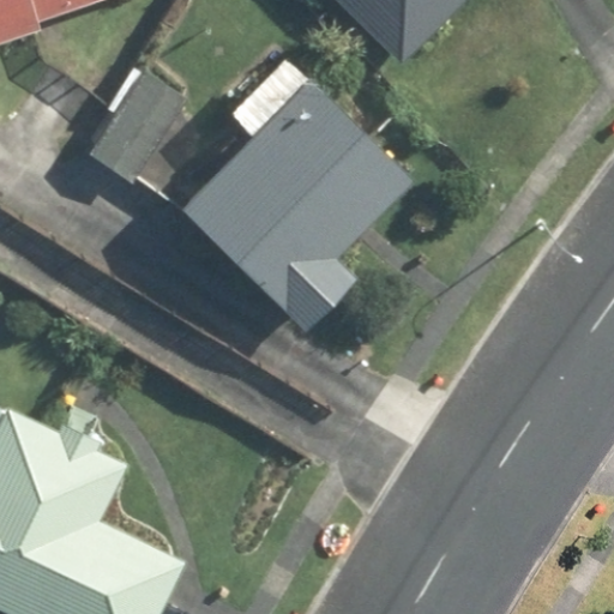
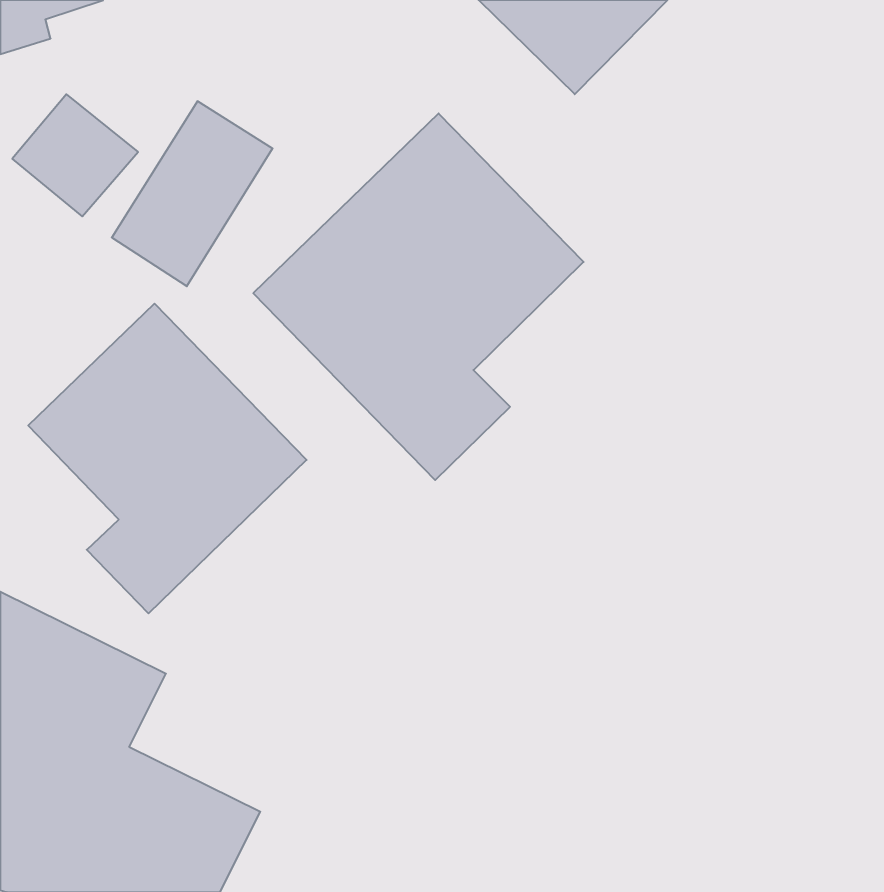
building: none -> [28,304,307,613]

